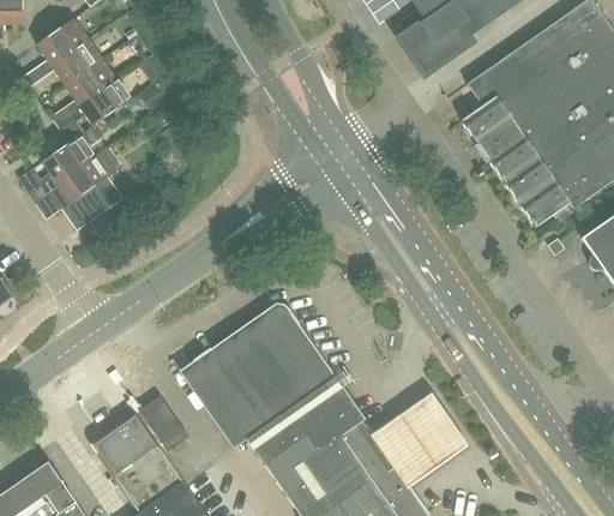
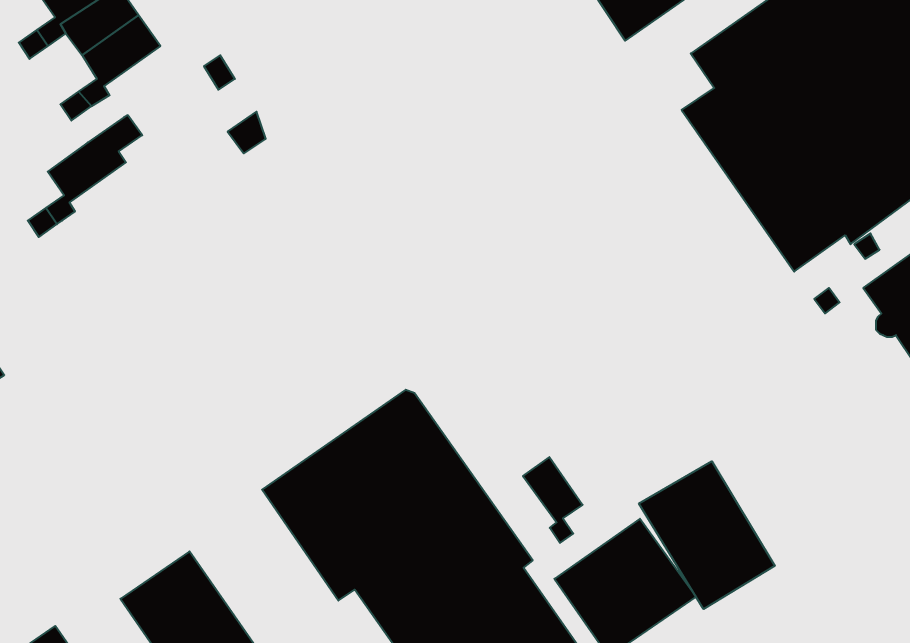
building: [79,78,131,125] -> none
building: [52,145,122,223] -> none
building: none -> [523,457,583,543]
building: none -> [639,461,775,609]
building: [145,400,189,455] -> none

